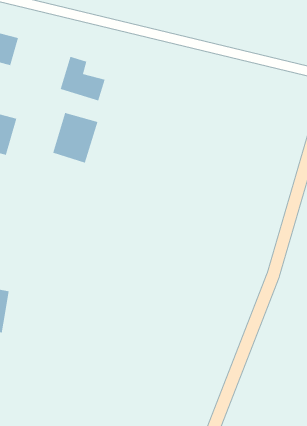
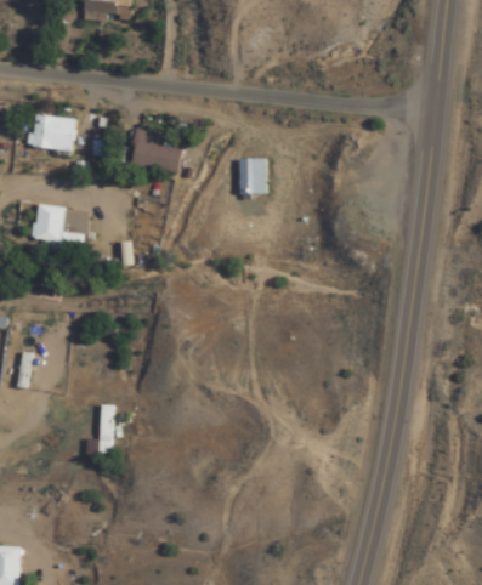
building: none -> [239,158,265,193]
building: [52,112,98,164] -> none

